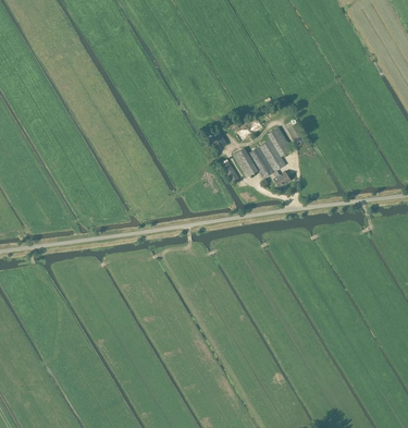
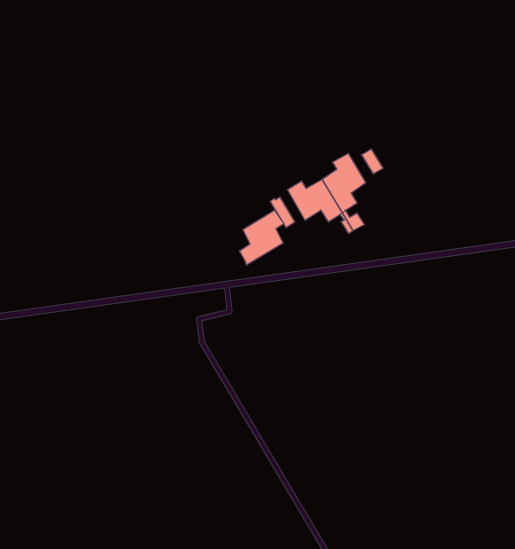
building: none -> [239,210,284,265]

